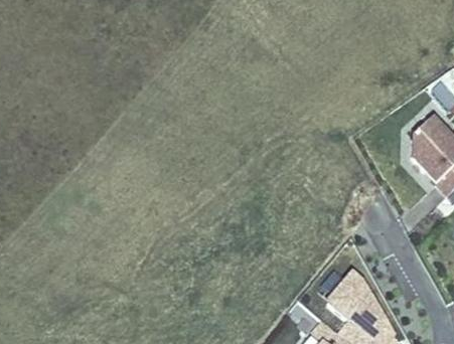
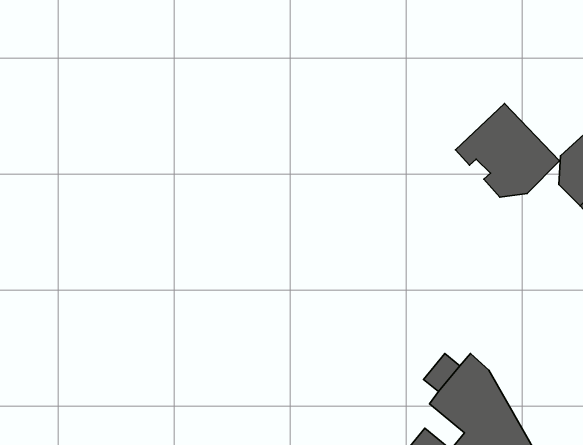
building: none -> [456,103,560,197]

